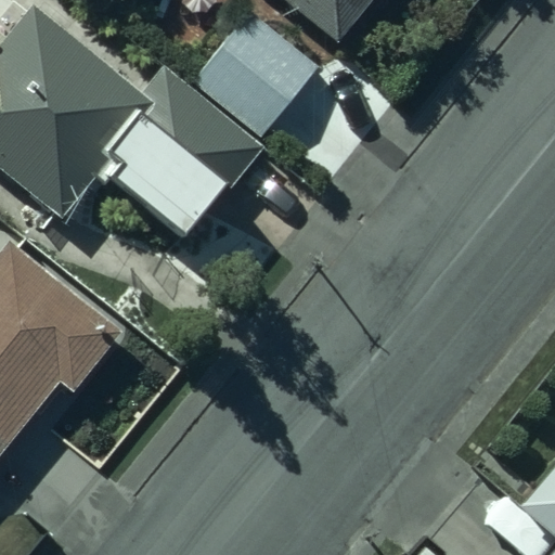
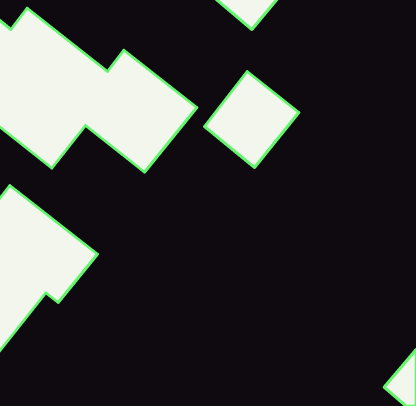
building: [193,9,318,135] -> [205,71,299,167]

